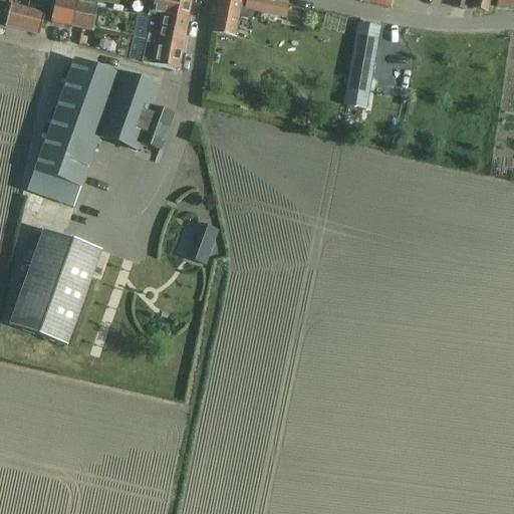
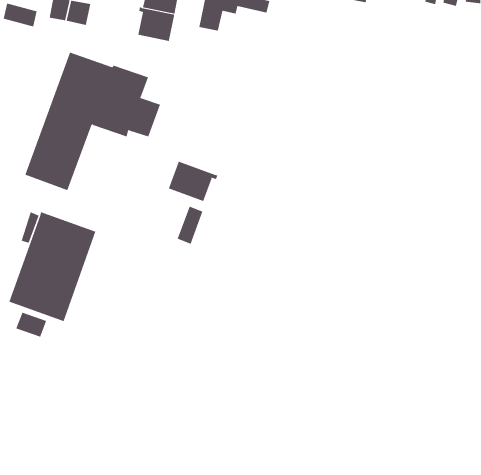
building: [344,19,379,104] -> none
building: [143,37,181,66] -> none
building: none -> [168,161,218,202]
building: none -> [16,312,47,338]

